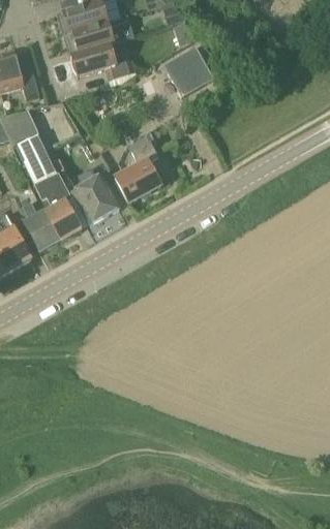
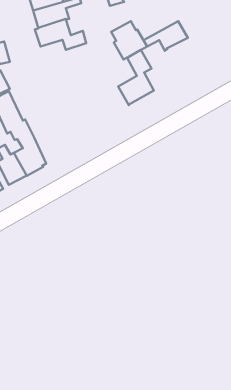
building: none -> [144,21,188,51]
building: [116,131,161,201] -> [118,50,154,105]
building: [71,172,120,225] -> none

